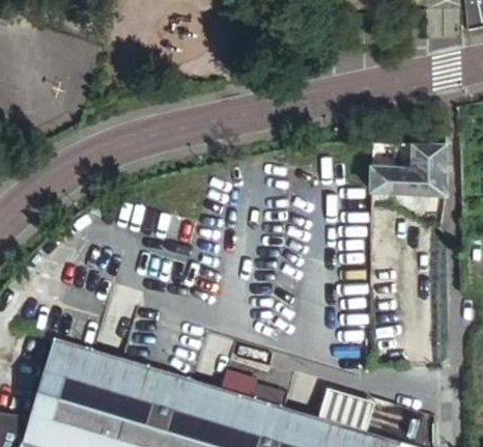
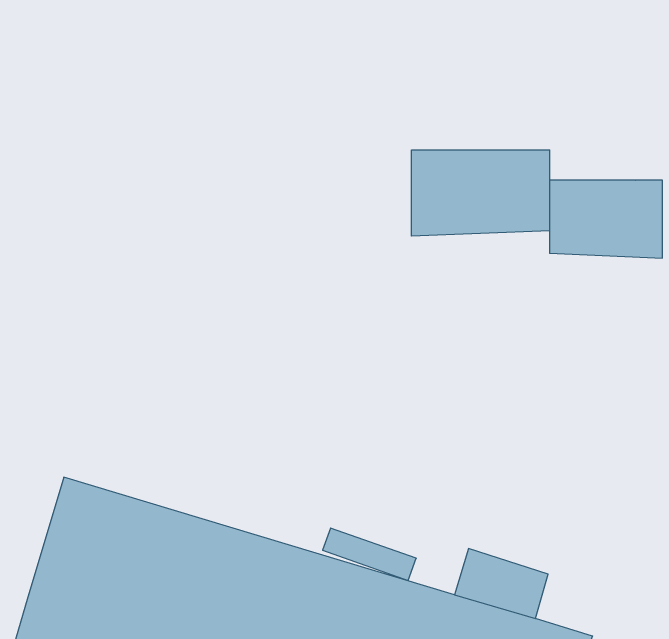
building: none -> [412,150,550,236]

